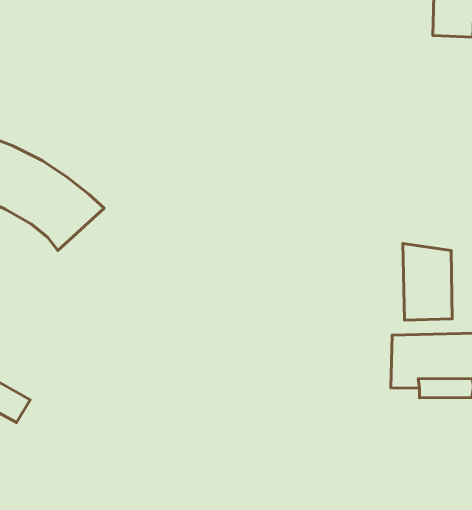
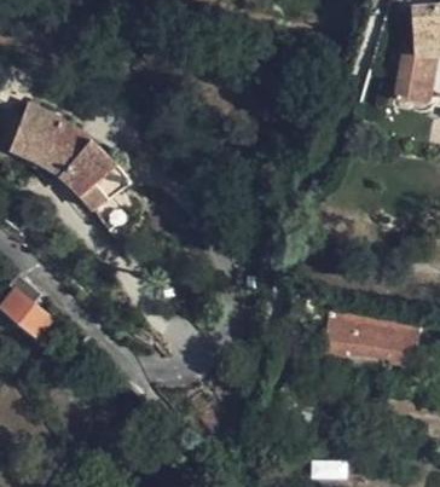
building: [403,244,452,320] -> none

